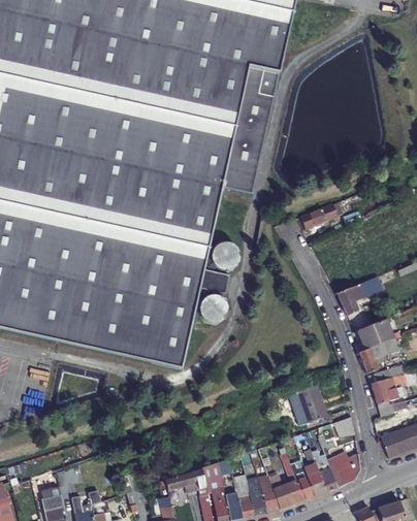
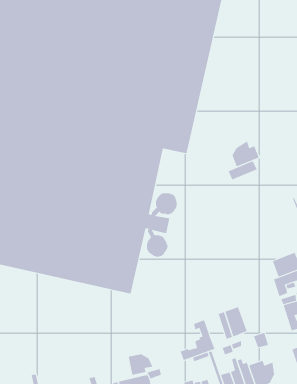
building: none -> [232,141,260,167]
building: [338,282,373,315] -> none
building: none -> [180,319,215,361]
building: none -> [128,353,153,376]

